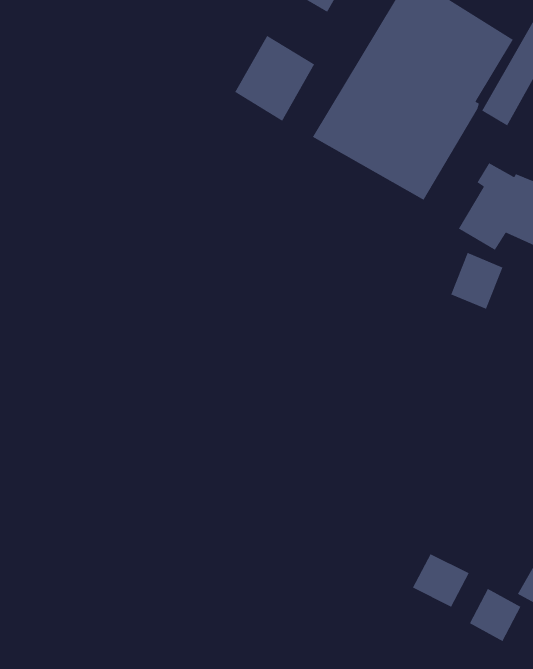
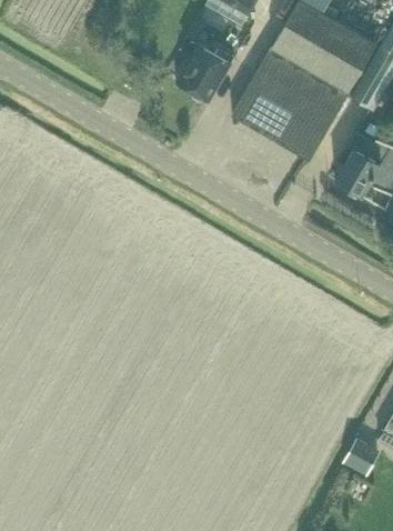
building: [450,252,503,310] -> none
building: [412,553,470,608] -> none

